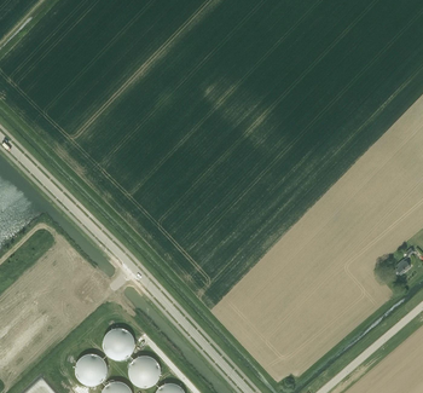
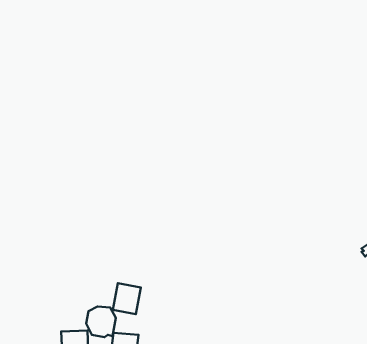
building: none -> [113,283,141,314]

